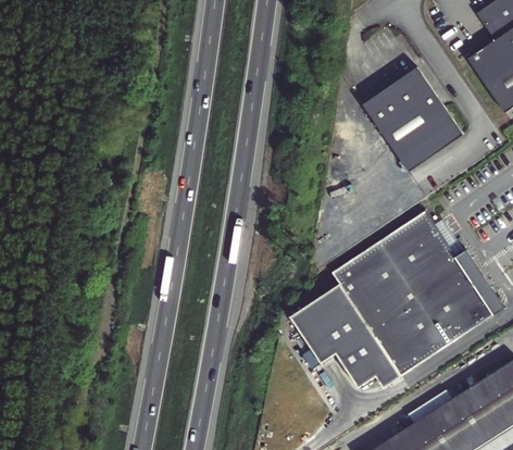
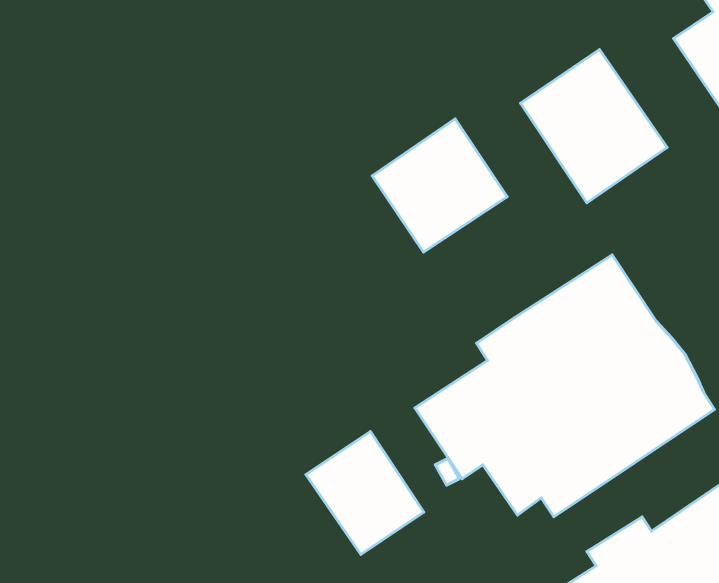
building: none -> [372,119,507,252]
building: none -> [306,431,424,555]

